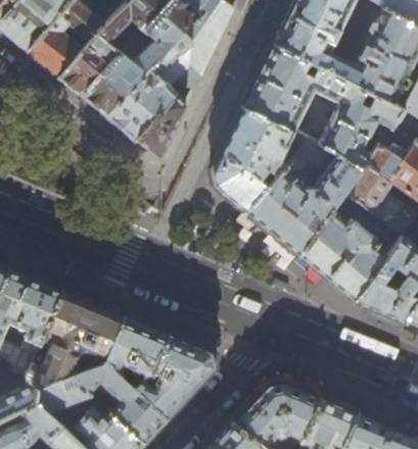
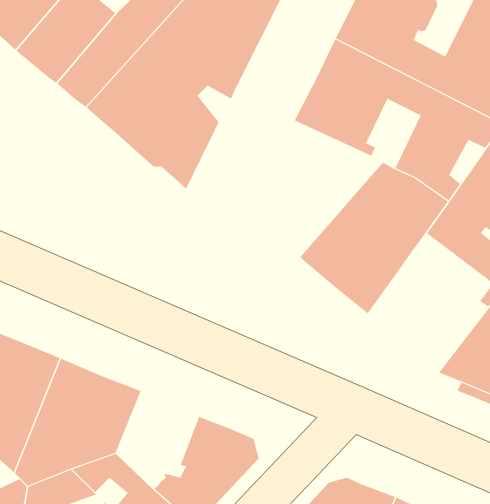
building: [212,107,311,212] -> none
building: [299,194,385,301] -> none
building: [105,315,169,391] -> none

